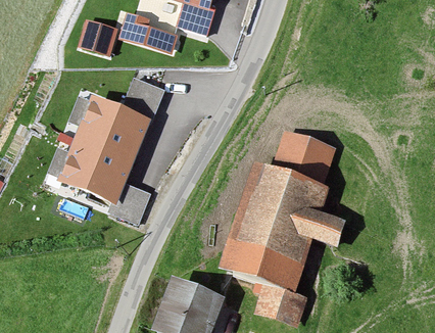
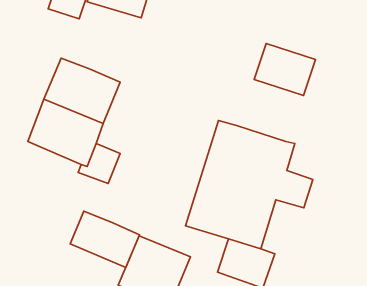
building: [122,77,164,120] -> none
building: [271,127,333,180] -> [254,43,315,96]
building: none -> [70,211,139,267]

